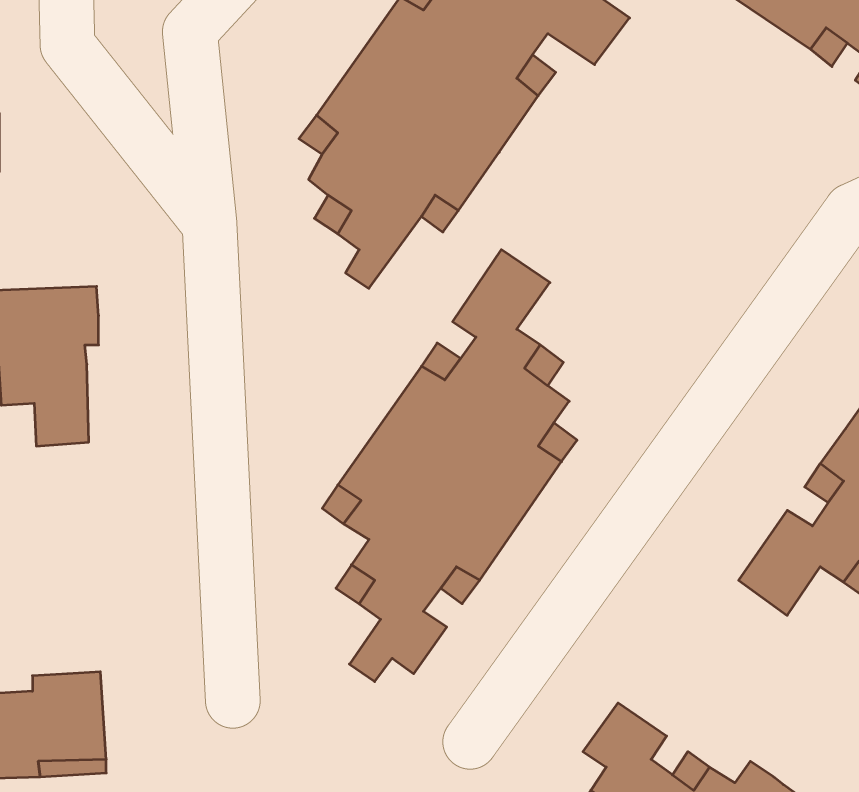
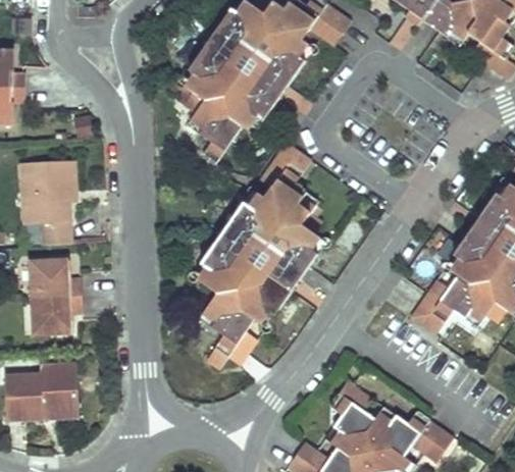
building: none -> [32,261,84,336]

